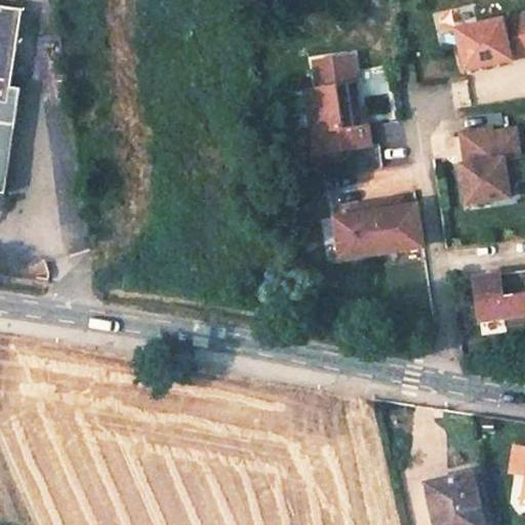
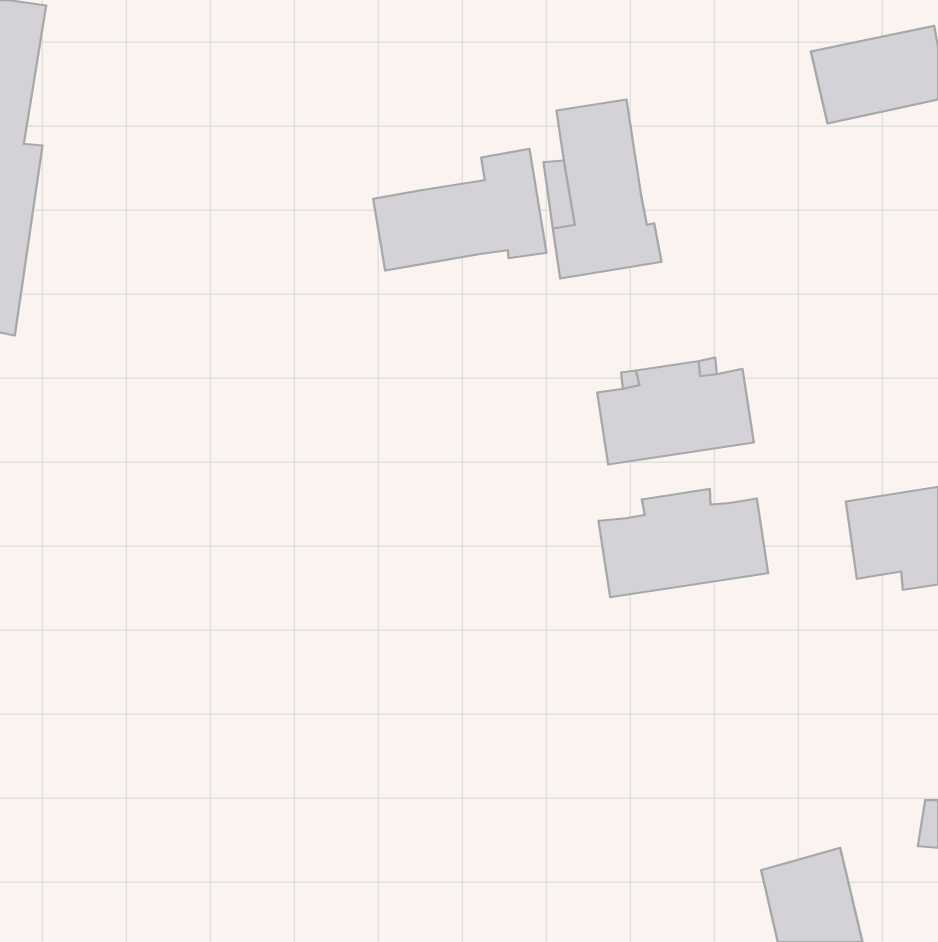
building: none -> [373,149,547,271]
building: [457,130,516,205] -> none
building: none -> [598,489,768,597]

